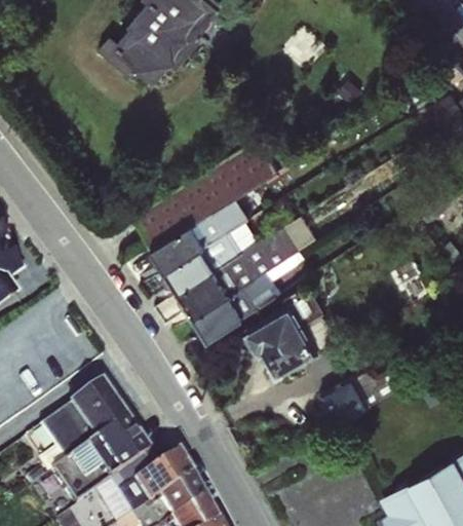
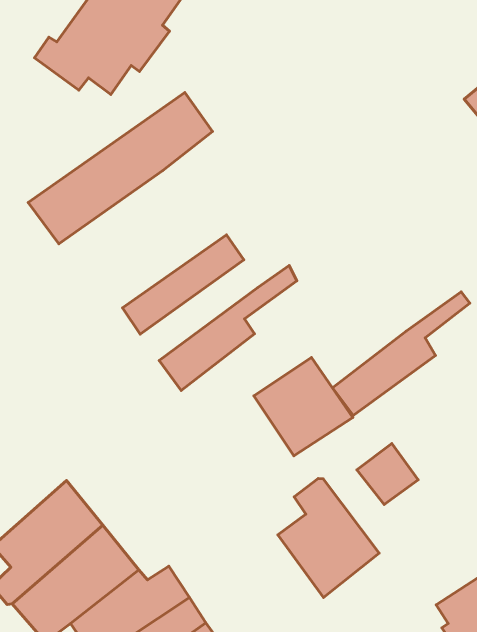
building: [131,141,279,252] -> [28,93,213,244]
building: [165,221,260,295] -> none
building: [194,252,306,342] -> [333,292,470,415]
building: none -> [278,478,379,597]

